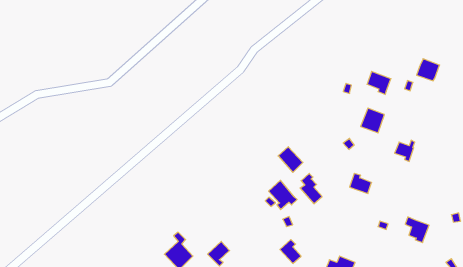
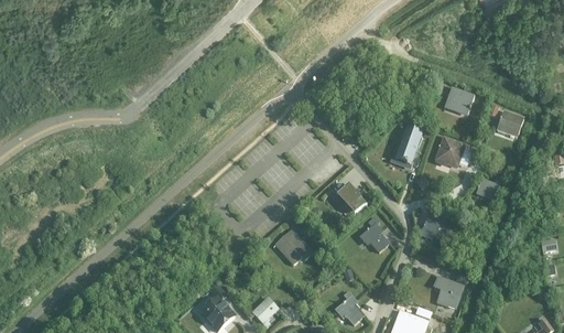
building: [417,59,440,81] -> [496,110,523,137]
building: none -> [394,127,421,163]
building: [269,180,297,210] -> [278,228,312,264]
building: [405,217,429,243] -> [434,276,463,307]

